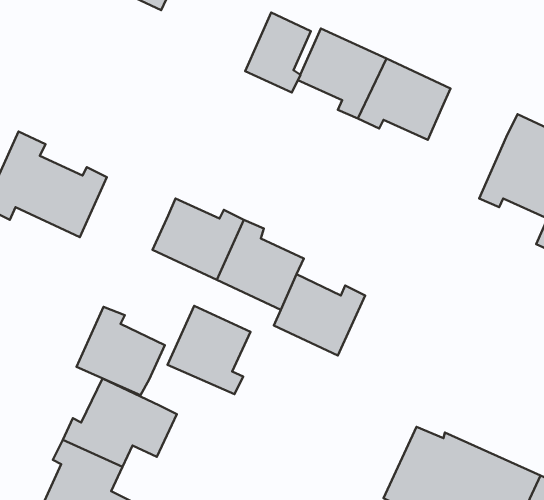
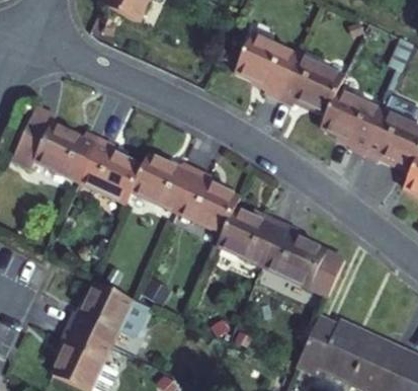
building: [245,12,311,92] -> none
building: none -> [320,88,383,153]
building: none -> [263,222,344,295]
building: [168,306,250,394] -> none
building: [76,307,165,395] -> [80,138,143,201]

